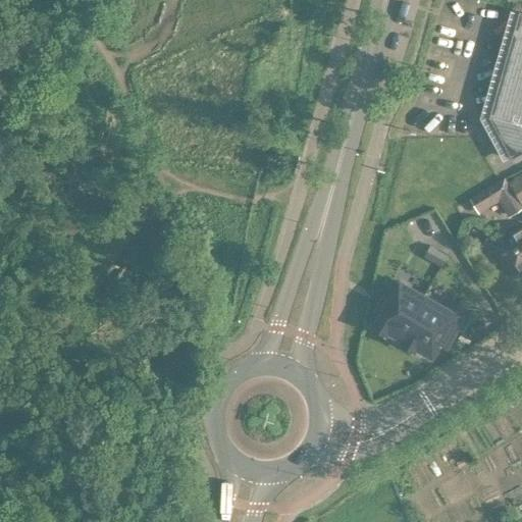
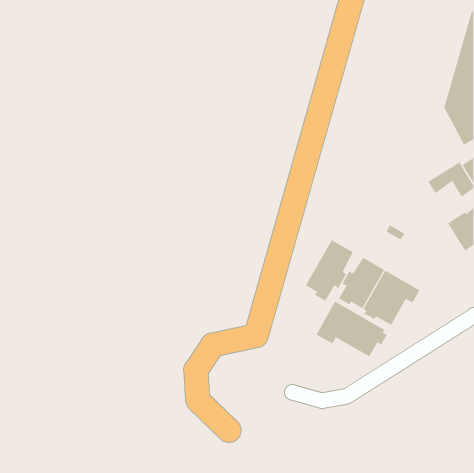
building: none -> [305,240,354,301]
building: none -> [316,301,387,357]

